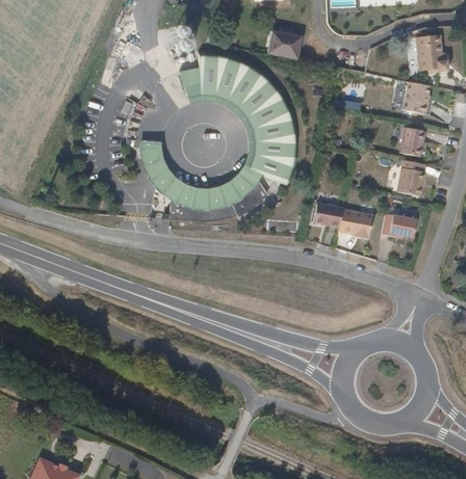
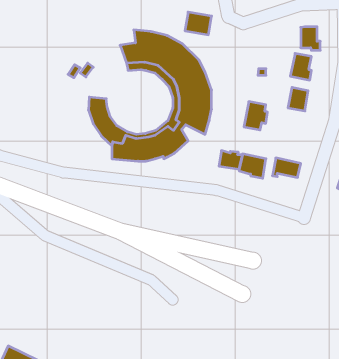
building: [395,158,425,194] -> [244,102,267,130]

